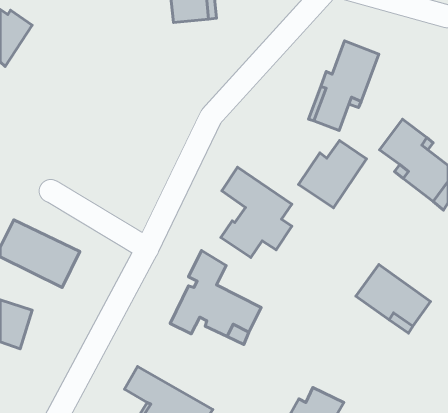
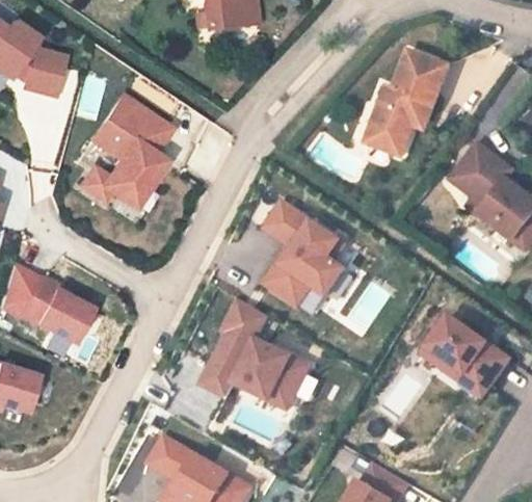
building: none -> [16,41,66,95]
building: none -> [73,89,174,211]
building: [298,140,367,208] -> none

